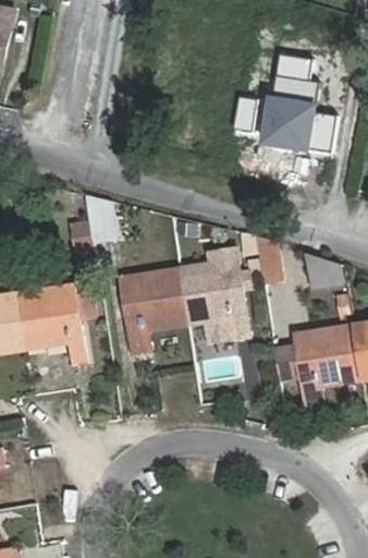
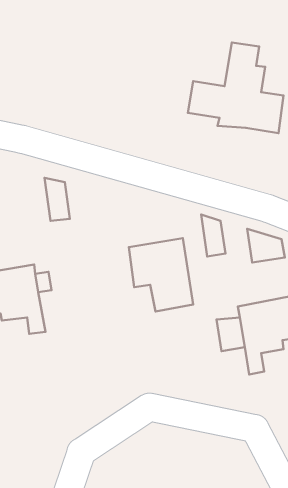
building: [115,271,180,352] -> none

